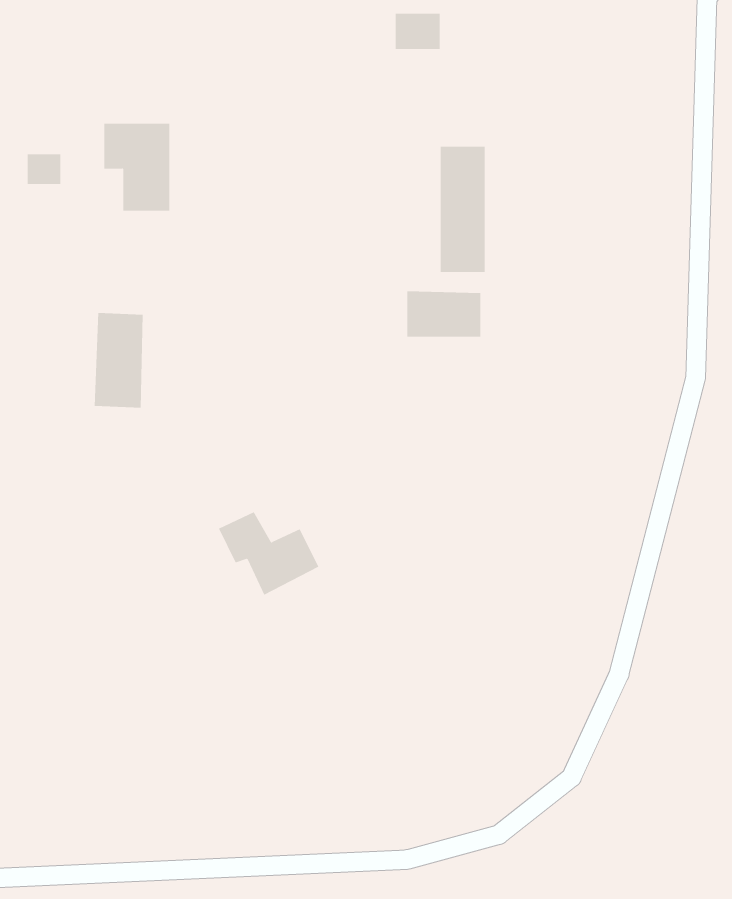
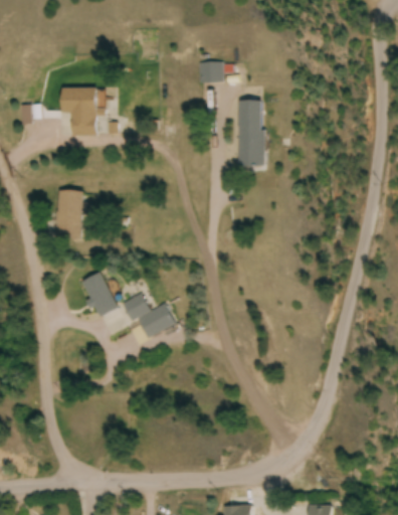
building: [395,13,441,49] -> [200,63,224,82]
building: [407,291,481,338] -> none
building: none -> [82,272,118,317]

